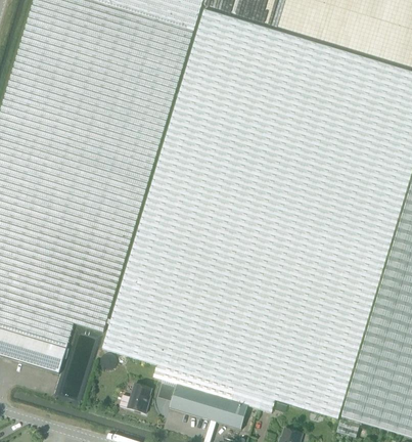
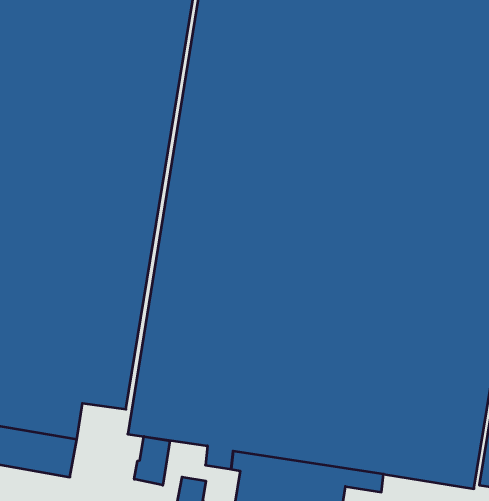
building: none -> [134,436,170,485]

